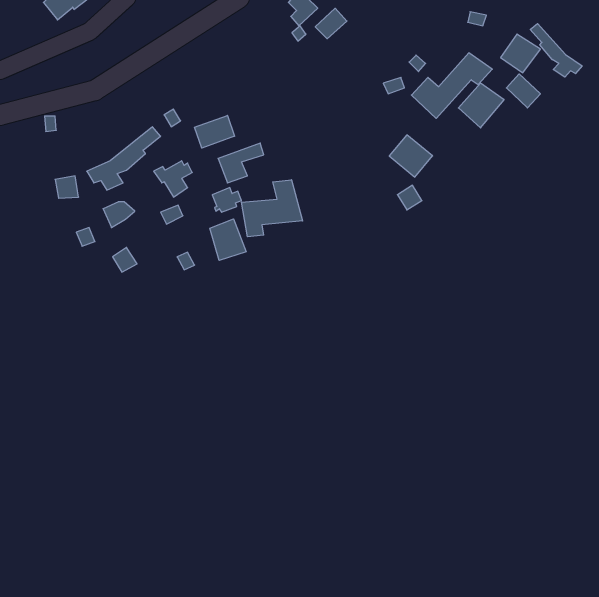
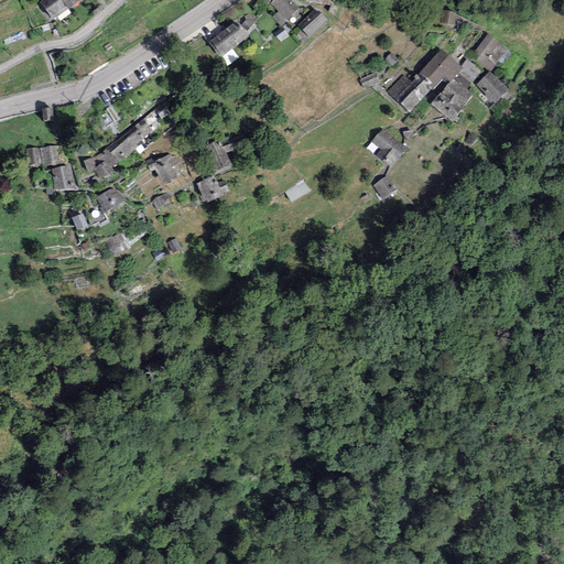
building: none -> [208,22,247,58]
building: [530,24,582,77] -> none
building: [195,115,235,148] -> none
building: none -> [25,144,62,166]
building: [241,180,303,237] -> none
building: [210,219,246,260] -> none

